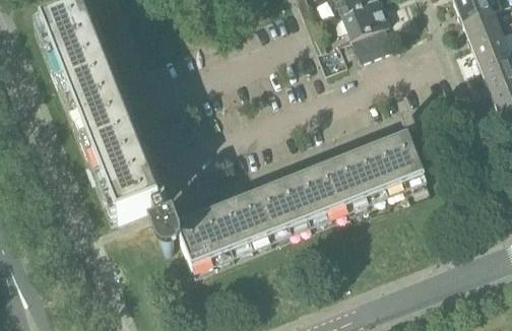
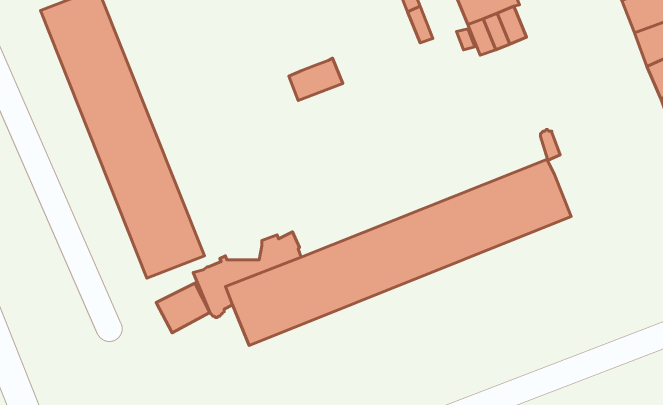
building: none -> [289,58,343,101]
building: none -> [156,283,210,333]

